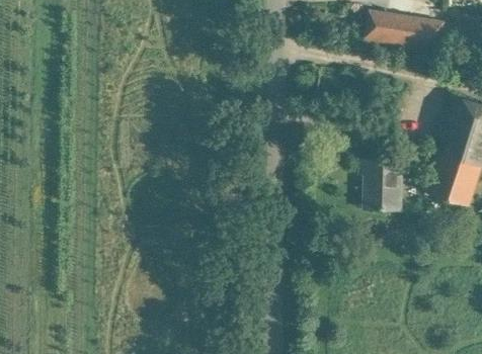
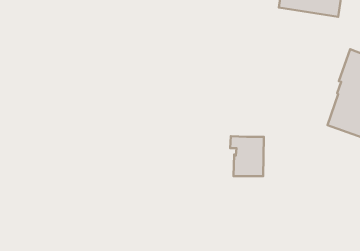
building: [362,159,404,209] -> [230,136,264,176]

